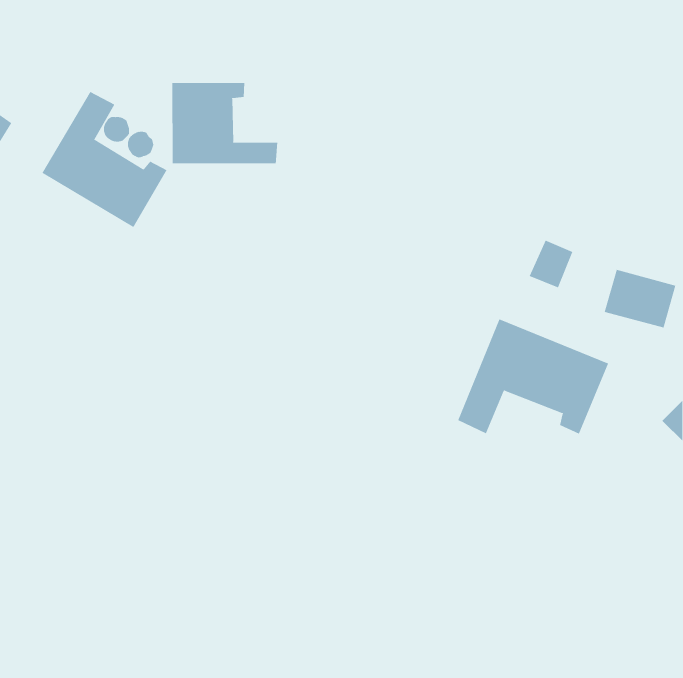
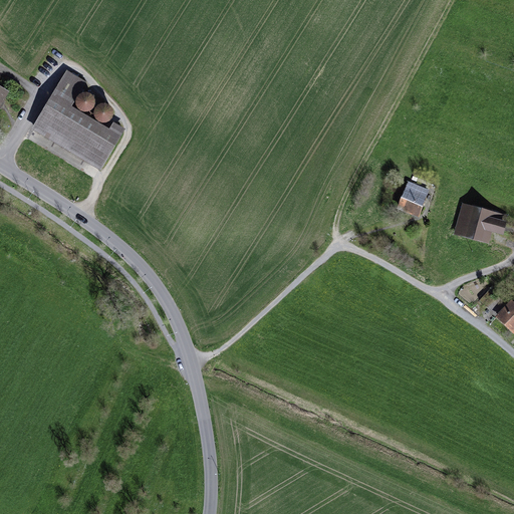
building: [172,82,278,164] -> none
building: [457,319,609,435] -> none

